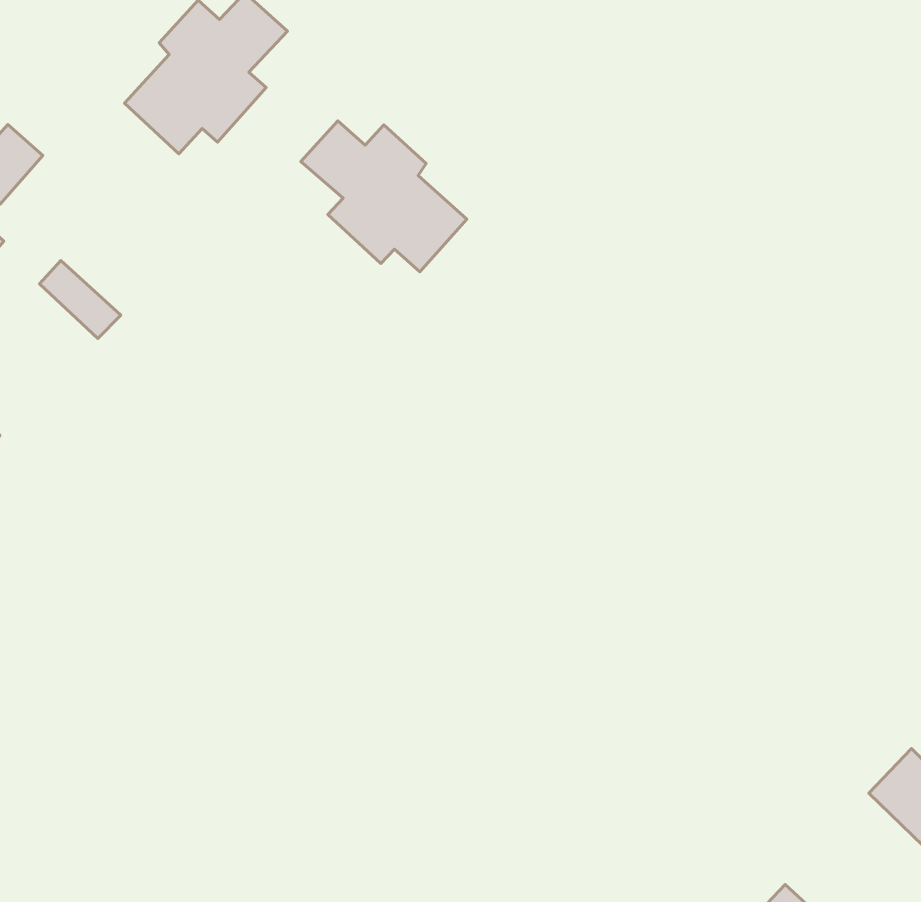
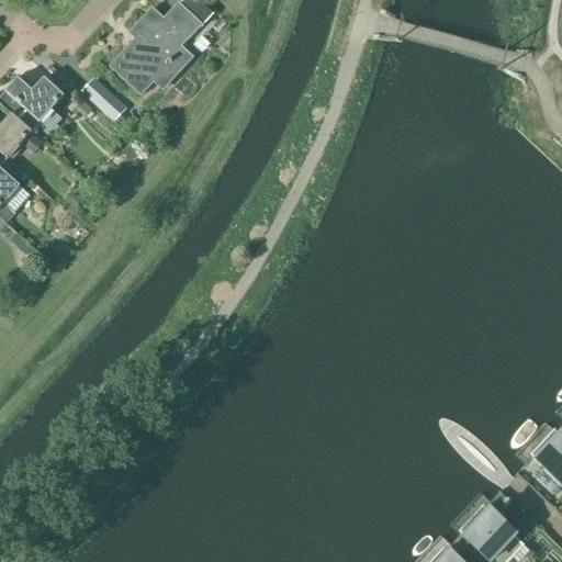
building: [301,121,467,272] -> none
building: [39,261,121,338] -> [82,75,128,119]

